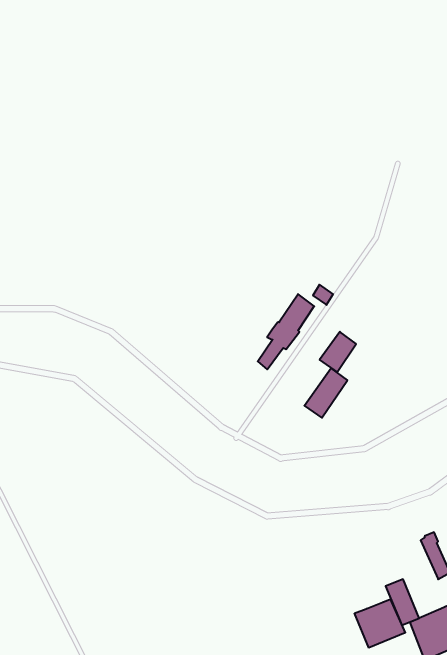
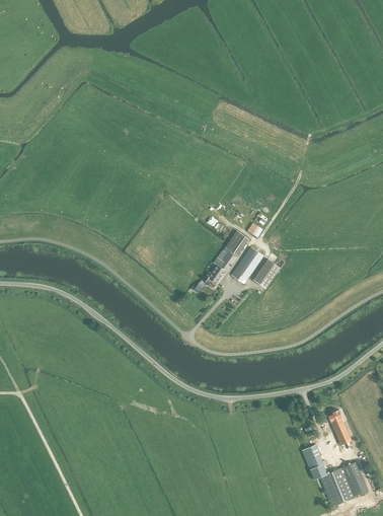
building: [304,368,347,418] -> [230,246,262,284]
building: [355,599,405,648] -> none

